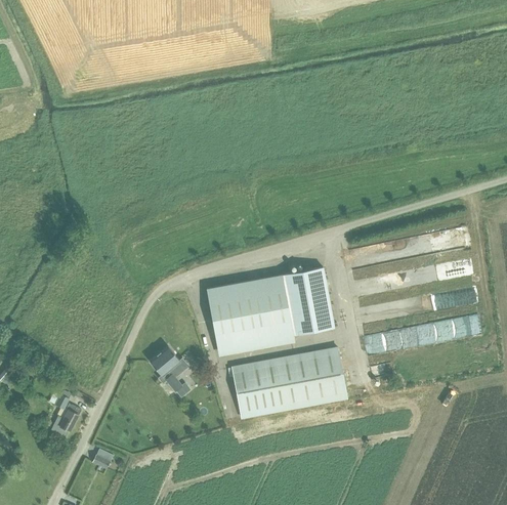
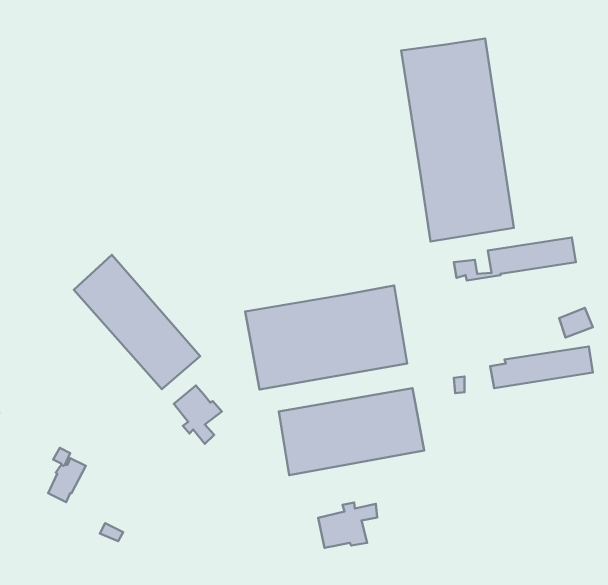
building: none -> [401,39,514,241]
building: none -> [74,255,200,389]
building: none -> [318,502,377,548]

